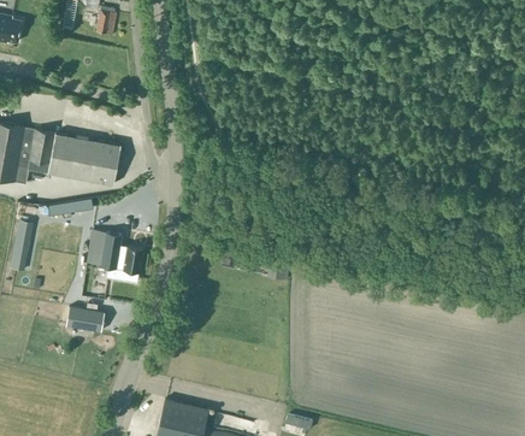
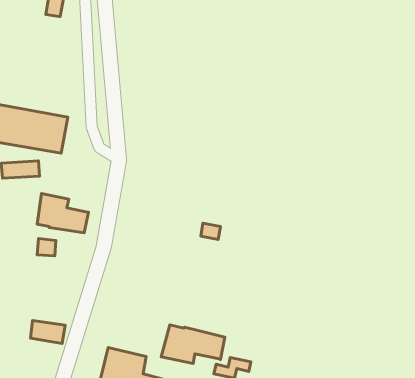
building: [66,307,105,332] -> [30,321,65,344]
building: none -> [161,325,225,363]

